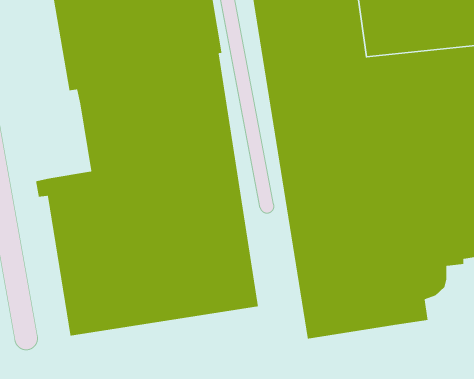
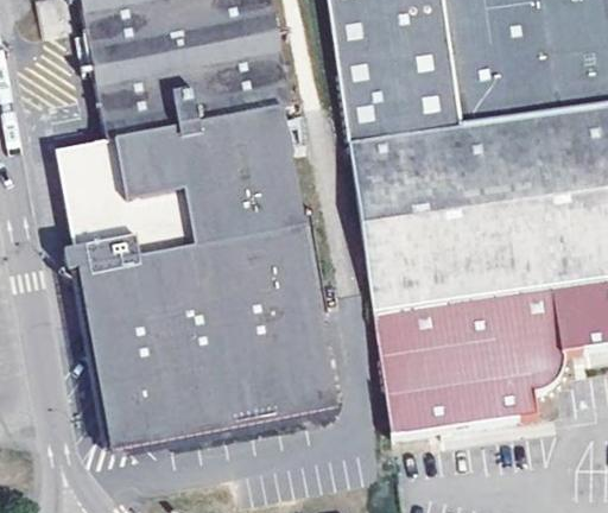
building: none -> [62,145,134,251]

